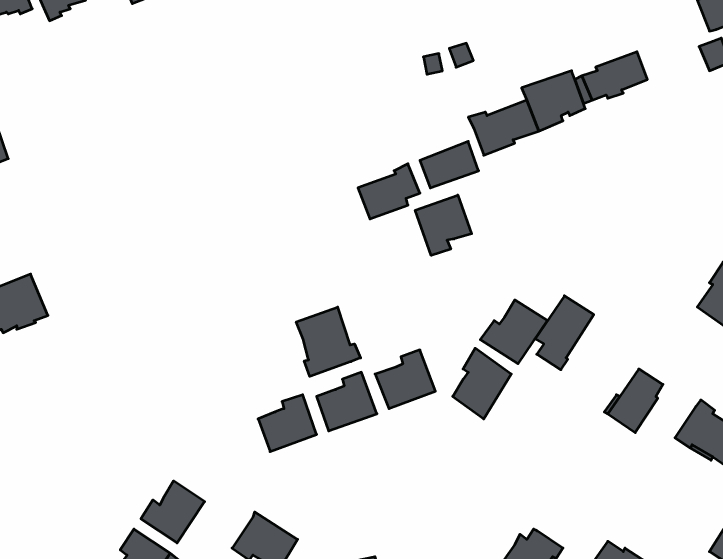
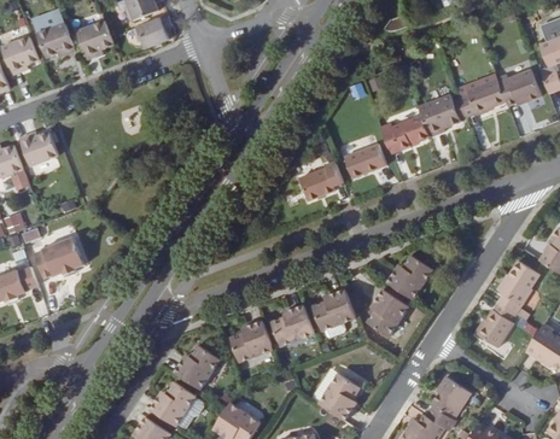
building: none -> [496,70,541,105]
building: [415,195,472,255] -> none
building: [535,296,594,370] -> [497,262,538,314]
building: [296,307,361,376] -> none
building: none -> [175,345,220,387]
building: none -> [320,374,361,420]
building: none -> [427,376,471,431]

